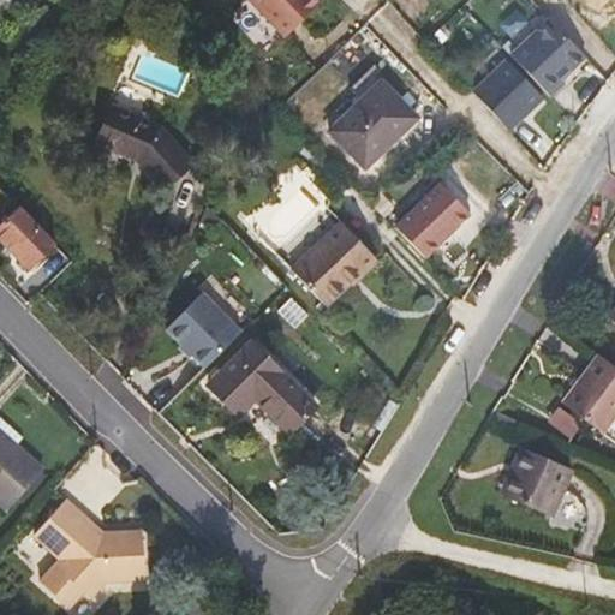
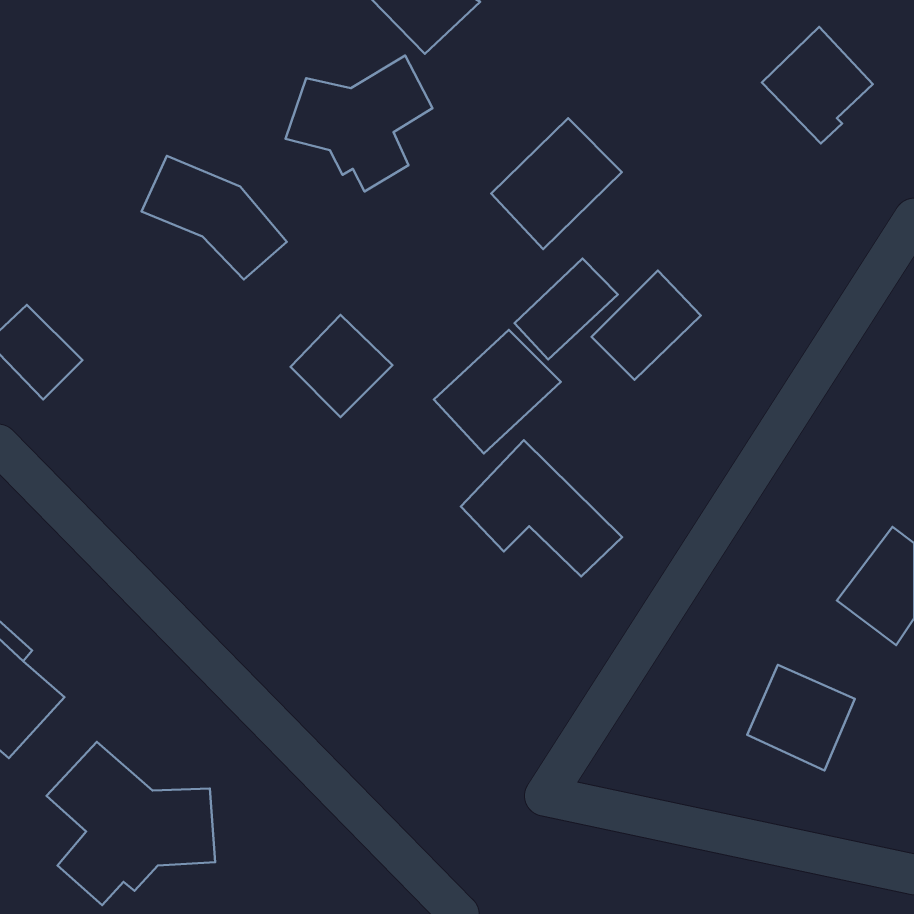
building: none -> [286,56,432,191]
building: [473,59,542,129] -> none
building: none -> [514,258,618,359]
building: [172,299,240,368] -> [290,315,393,417]
building: [208,340,316,431] -> [461,440,622,577]

